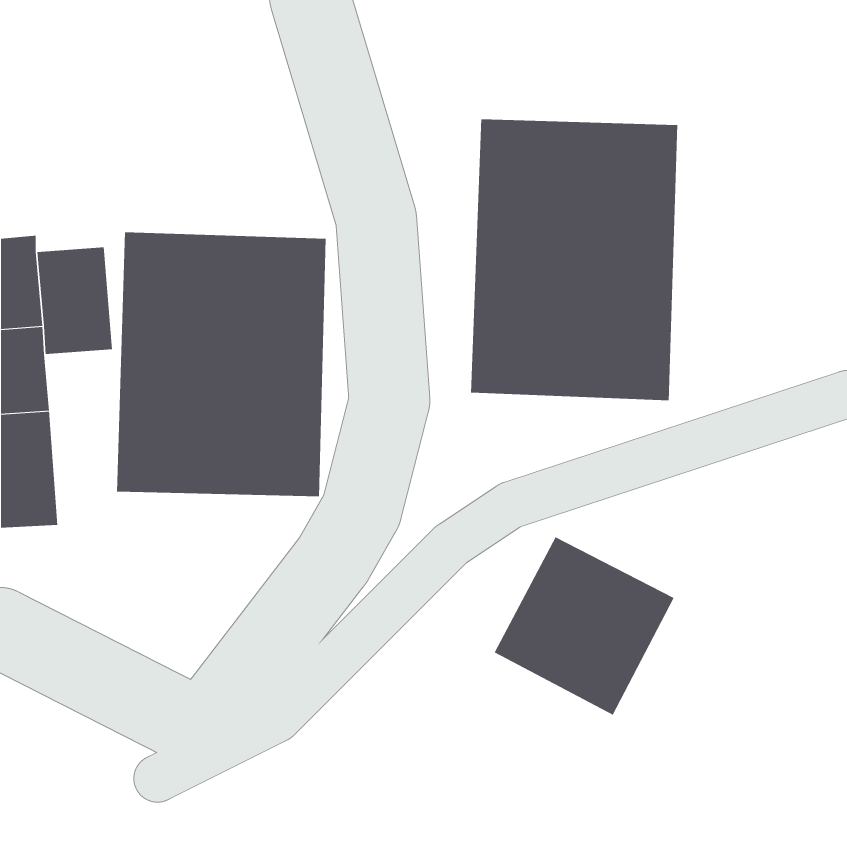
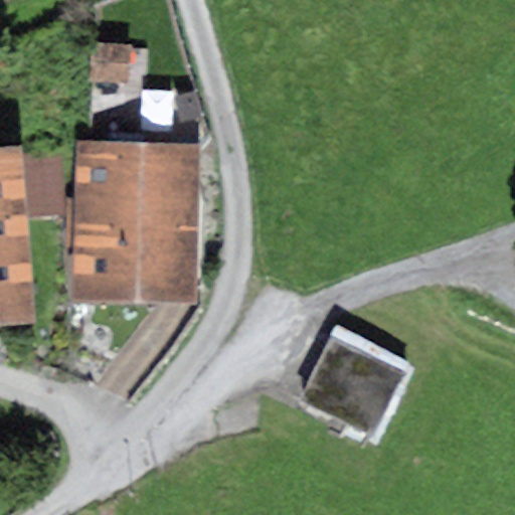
building: [470,118,678,401] -> none

